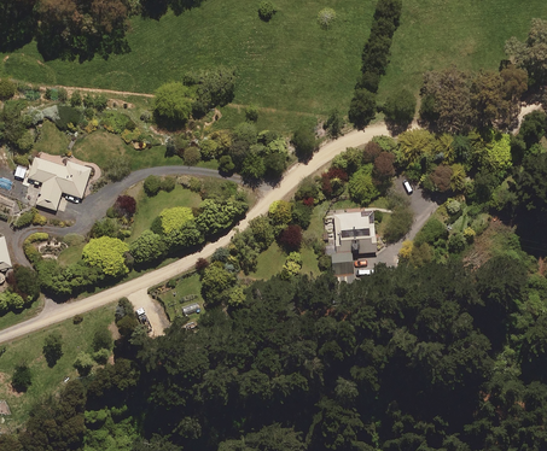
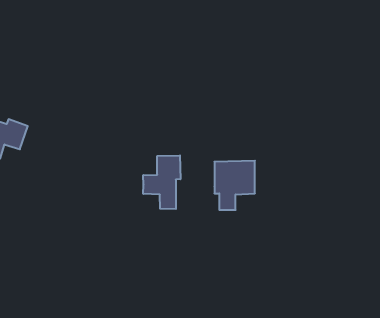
building: none -> [143,155,180,209]

